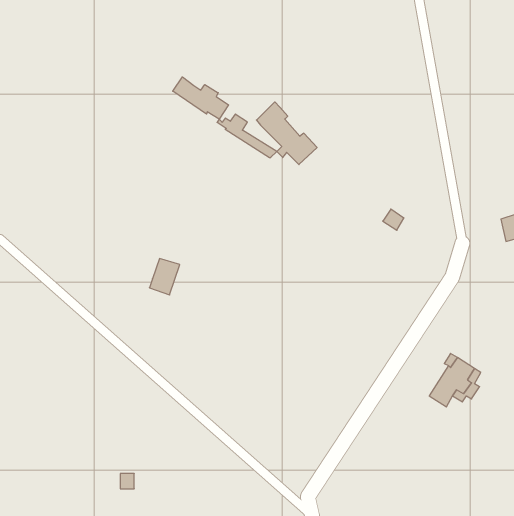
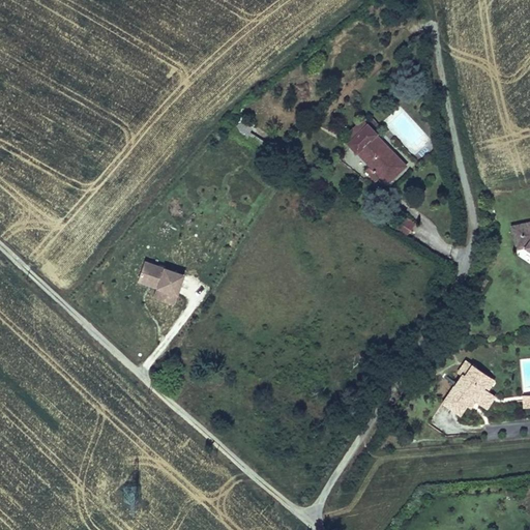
building: [173,77,229,119] -> none
building: [256,102,317,165] -> [345,119,407,183]
building: none -> [140,259,166,286]

